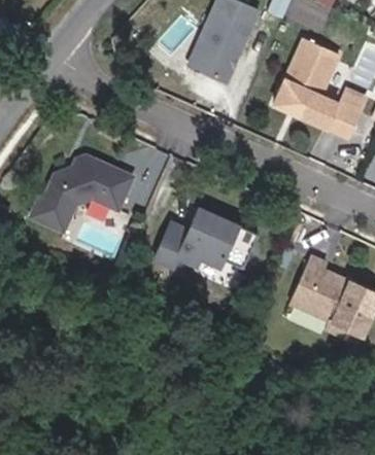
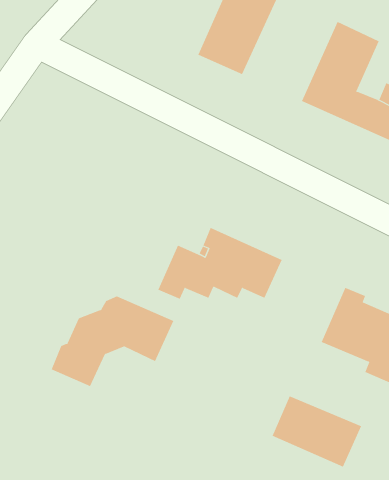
building: [32,155,134,231] -> [51,296,174,387]
building: none -> [272,395,362,468]

